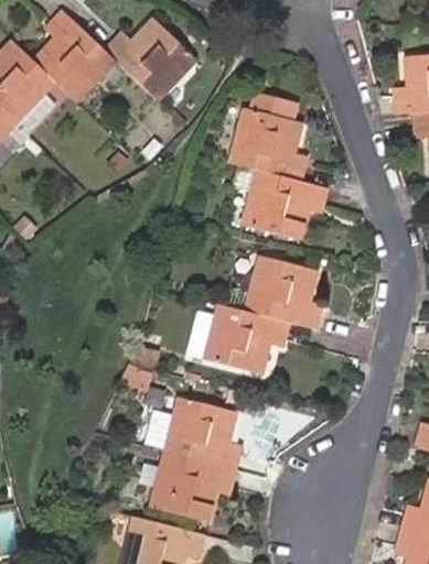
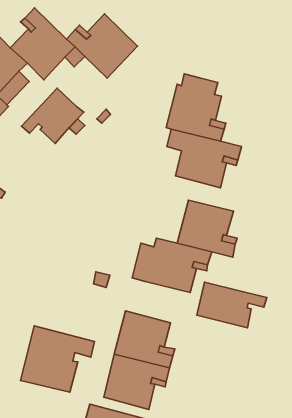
building: none -> [21,88,84,143]
building: none -> [197,282,267,328]
building: none -> [21,326,94,392]

